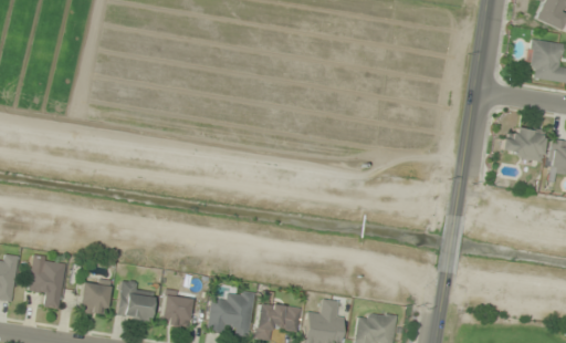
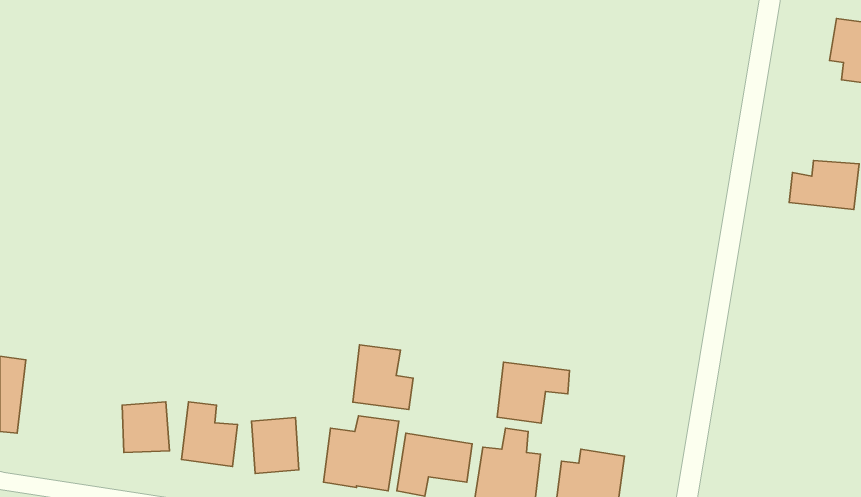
building: none -> [353,345,413,410]
building: [28,254,66,309] -> none
building: none -> [497,362,570,423]

